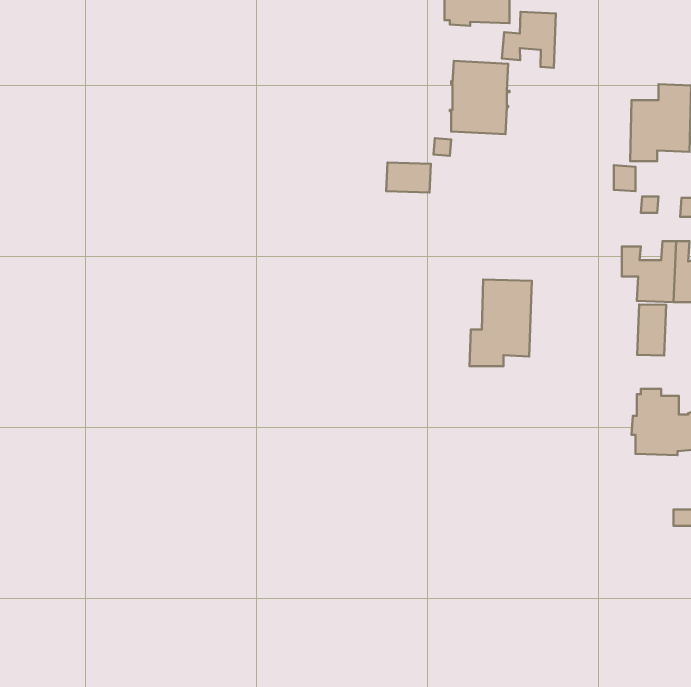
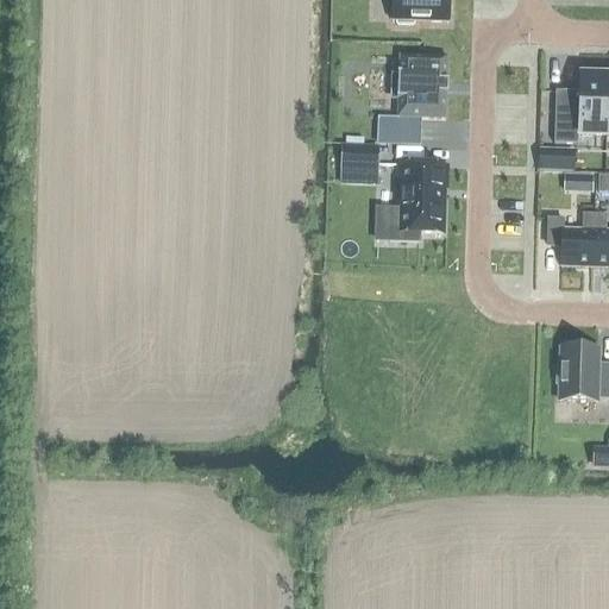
building: [502,12,556,68] -> none
building: [470,279,532,366] -> [389,163,444,239]
building: [637,305,666,355] -> none

